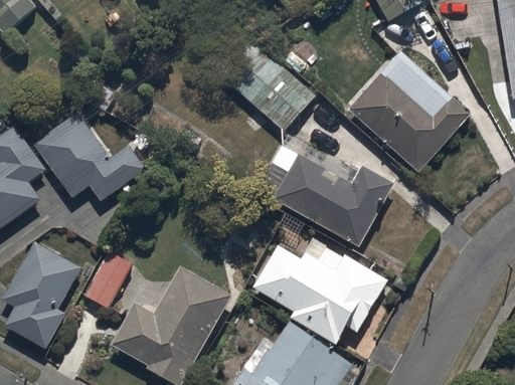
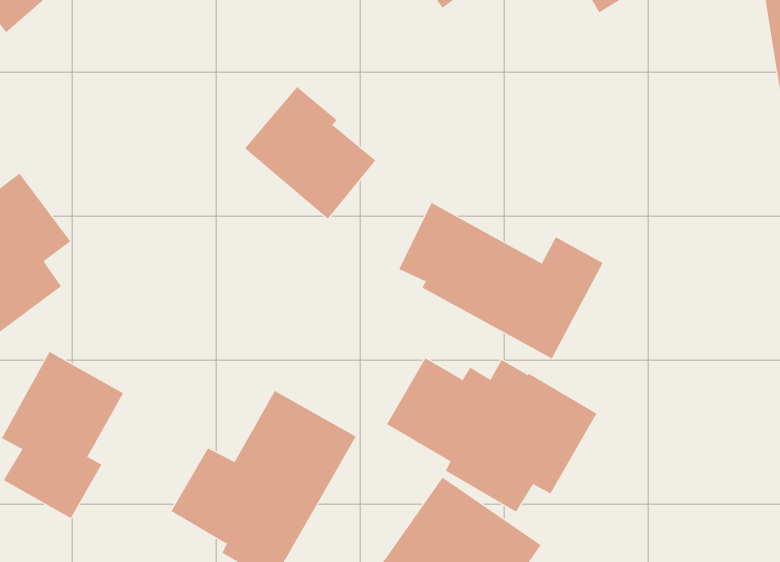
building: [232,45,318,132] -> [244,86,376,220]
building: [347,49,472,174] -> none
building: [33,111,145,201] -> none
building: [83,249,133,308] -> none

